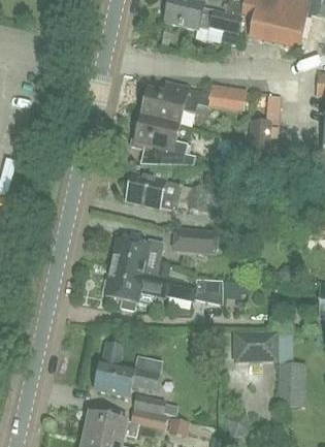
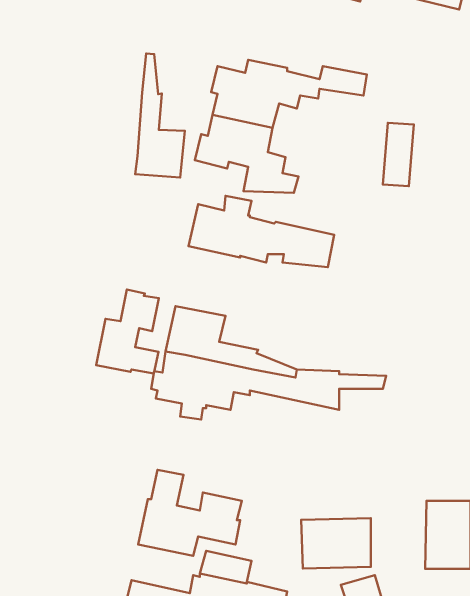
building: none -> [135,54,185,178]
building: none -> [96,290,159,373]
building: [173,228,216,251] -> none
building: [232,329,277,361] -> [301,518,371,568]

